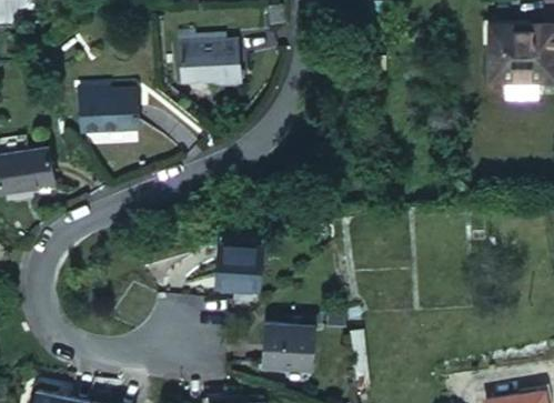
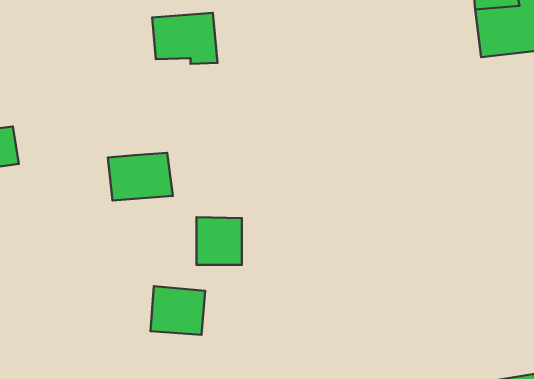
building: [80,91,142,137] -> [108,153,173,201]
building: [265,323,318,370] -> [150,286,205,335]

